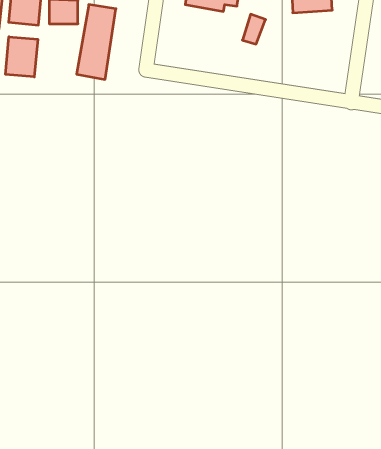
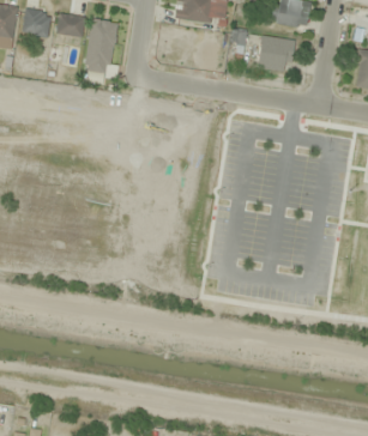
building: none -> [258,35,295,72]
building: [6,37,38,77] -> none

